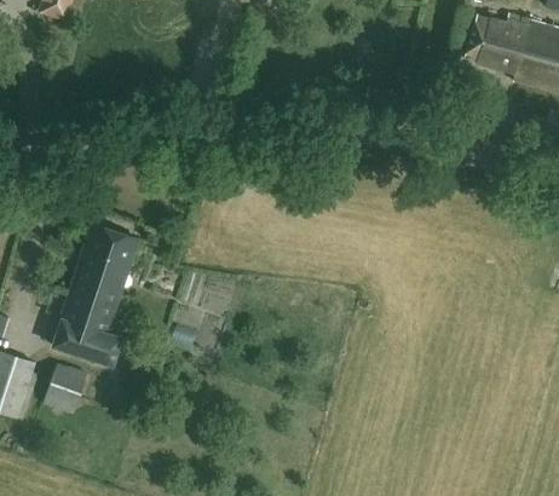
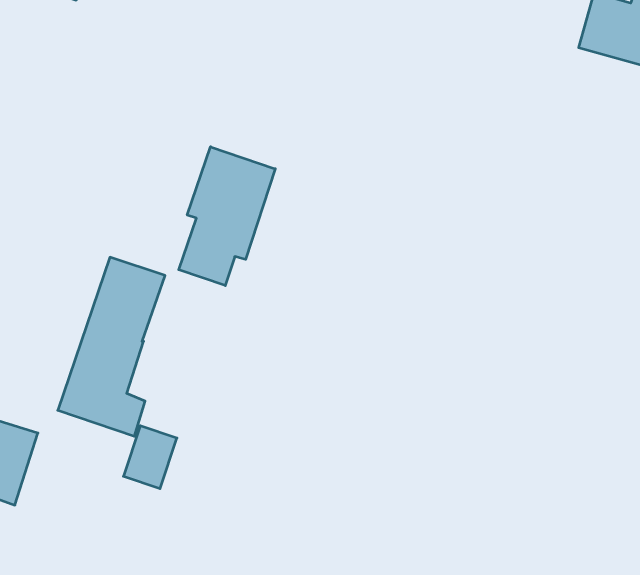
building: none -> [179,147,275,286]
building: [45,362,87,411] -> [123,426,177,489]

